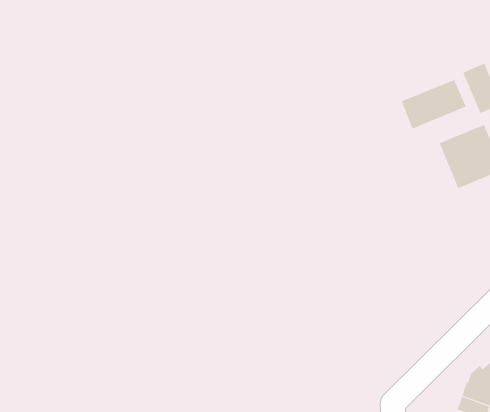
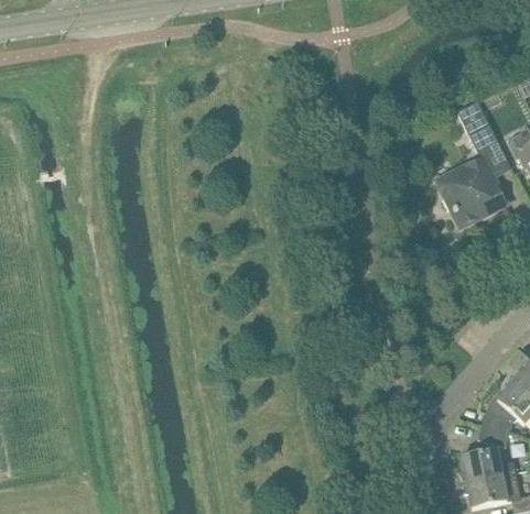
building: [401,79,467,129] -> none

